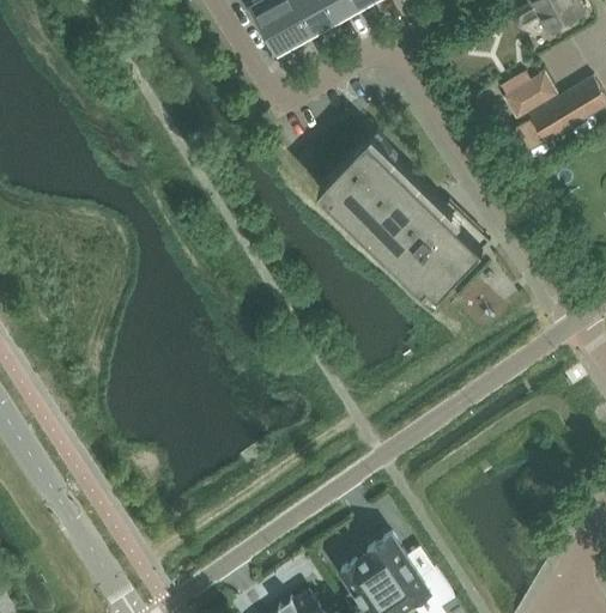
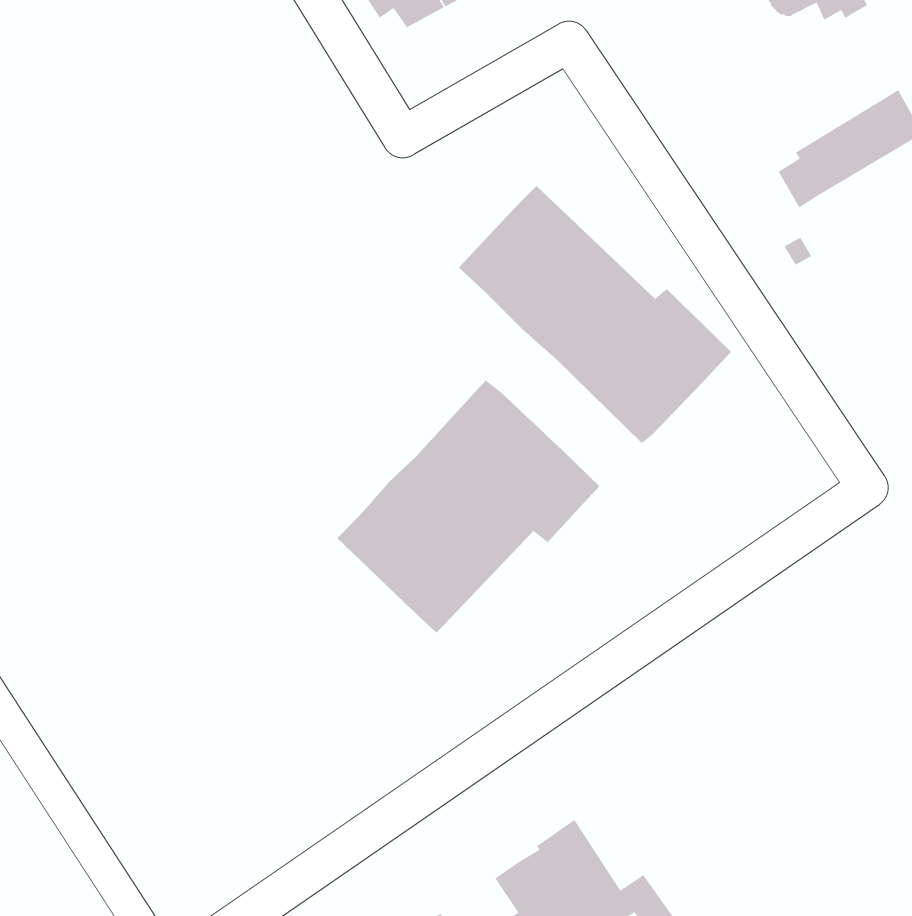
building: [499,77,555,121] -> none
building: none -> [336,379,600,633]

